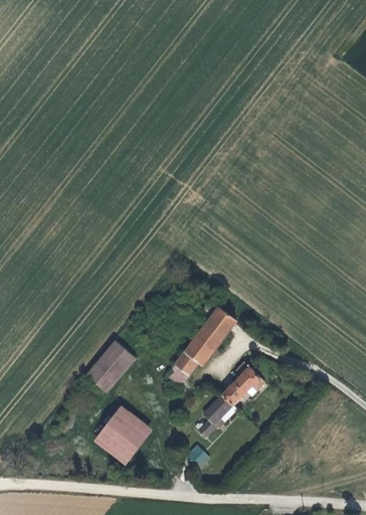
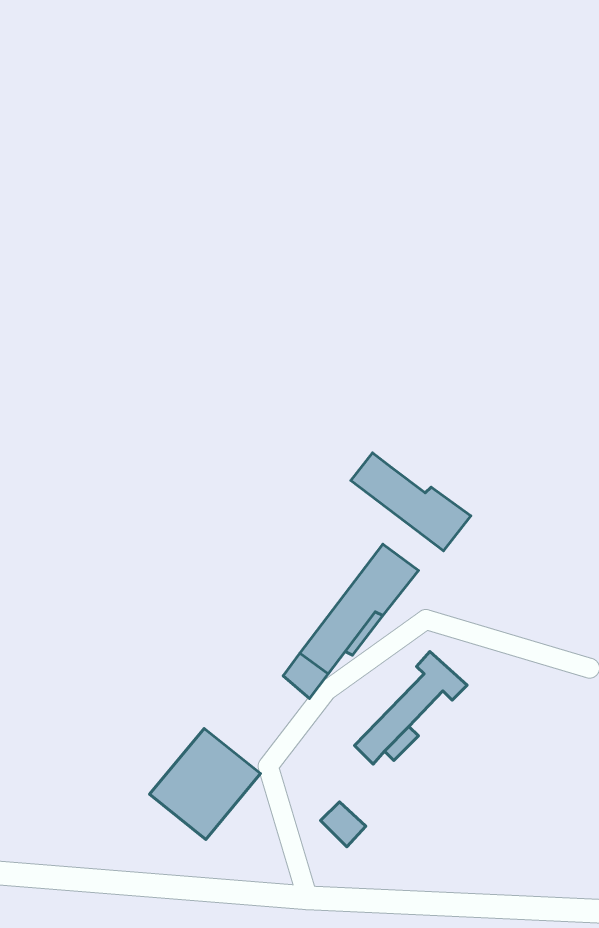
building: none -> [351,453,471,551]
building: [87,337,137,388] -> none

